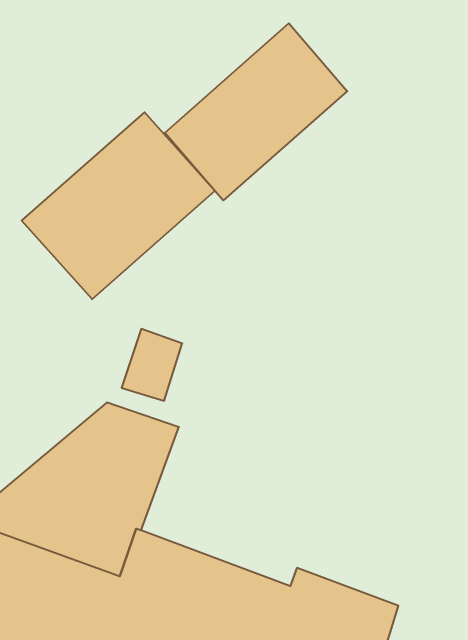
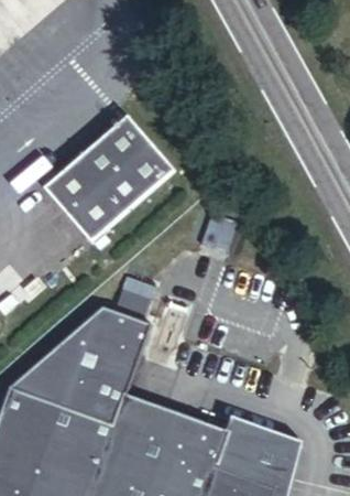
building: [165,23,347,200] -> none

